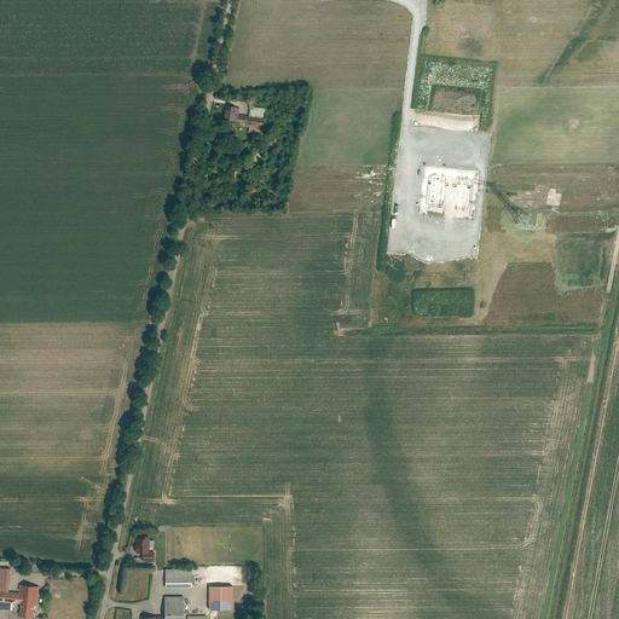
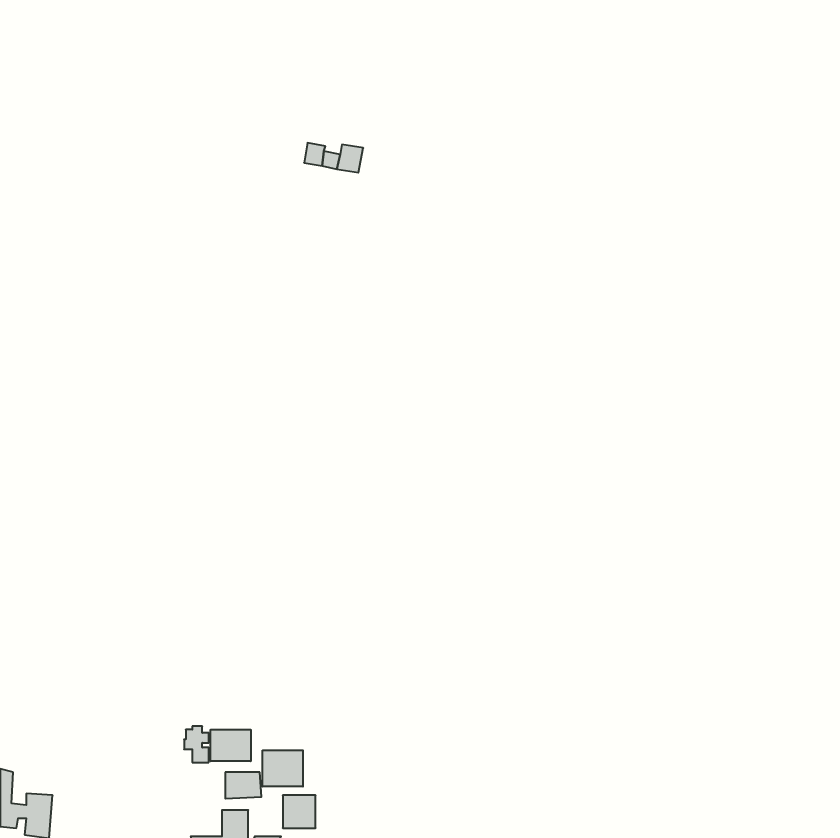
building: none -> [211,730,251,761]
building: none -> [263,750,303,787]

